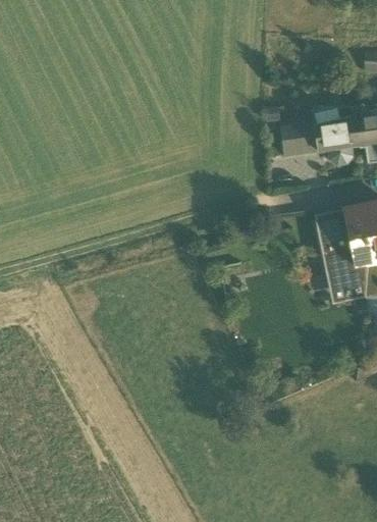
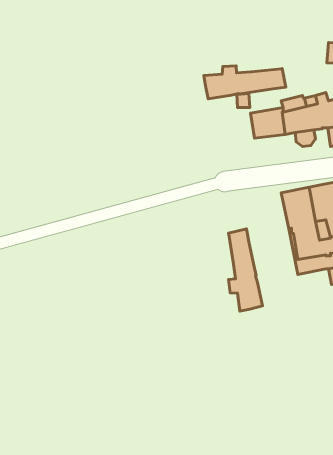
building: none -> [204,66,286,99]
building: none -> [228,229,262,311]

